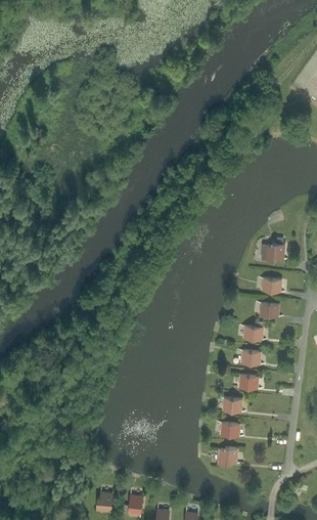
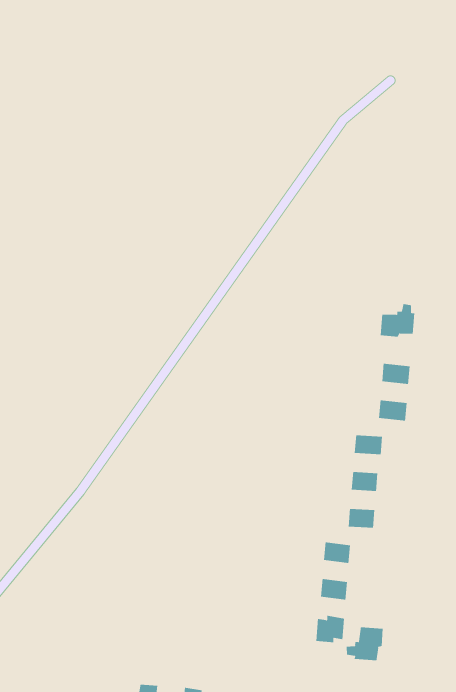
building: none -> [346,627,383,661]

